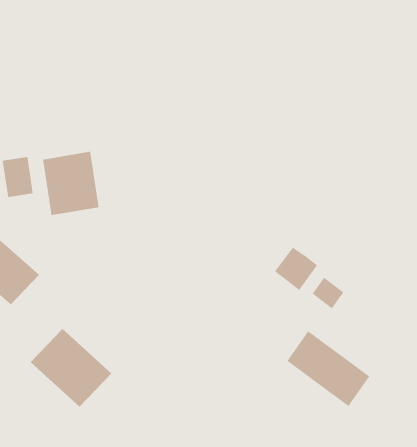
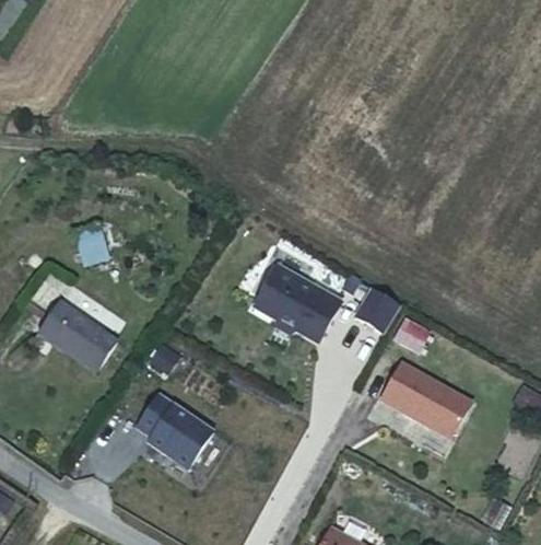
building: [42,151,99,216] -> none
building: none -> [257,257,344,336]

